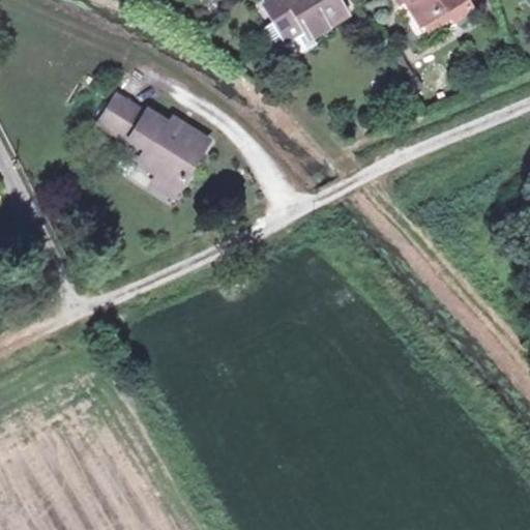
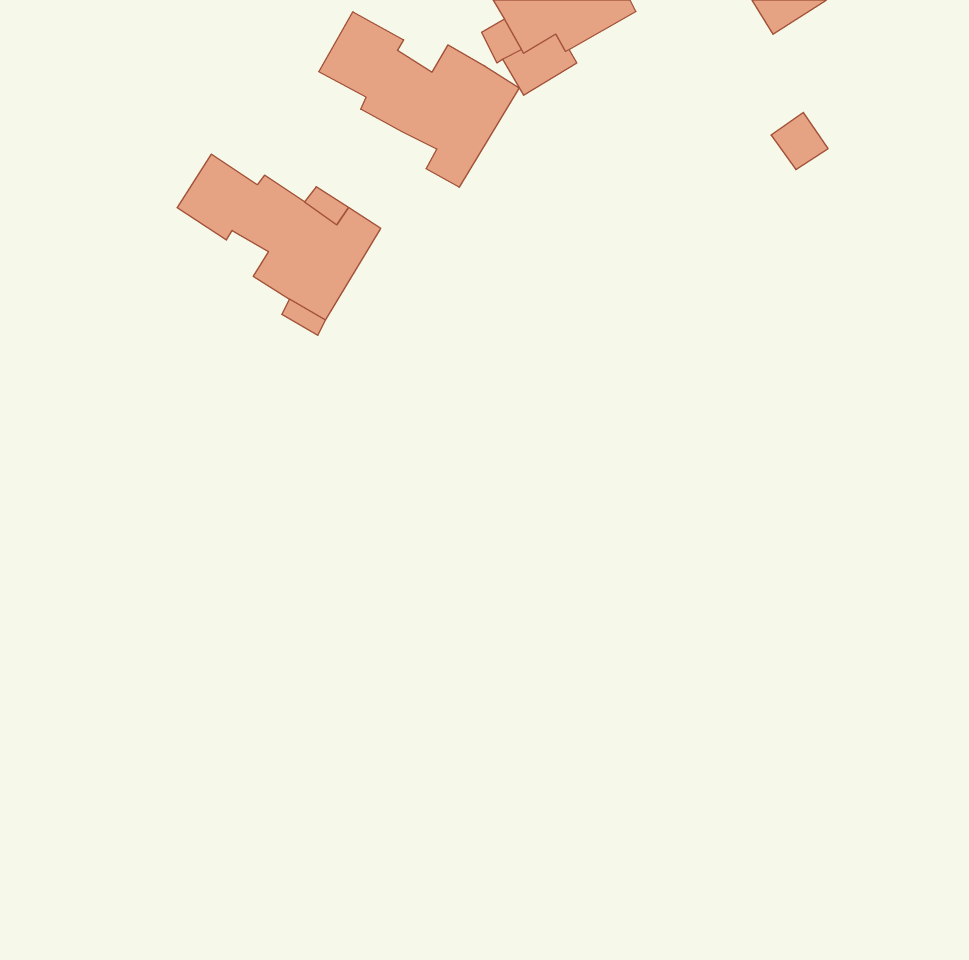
building: none -> [319,12,519,187]

